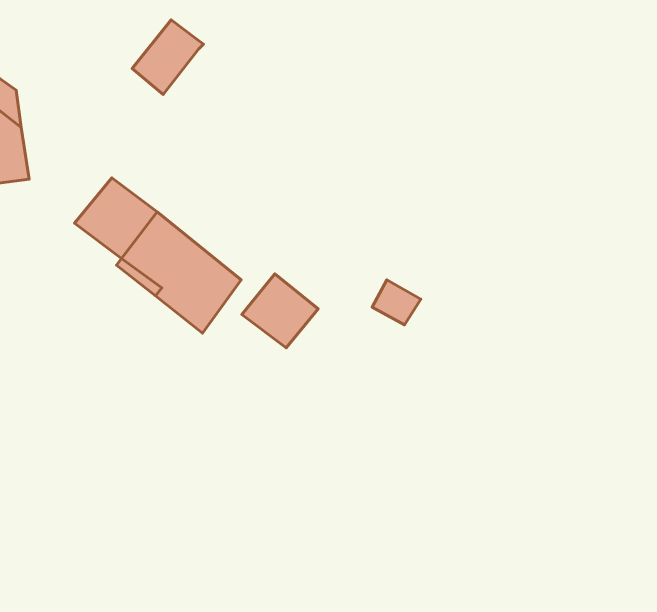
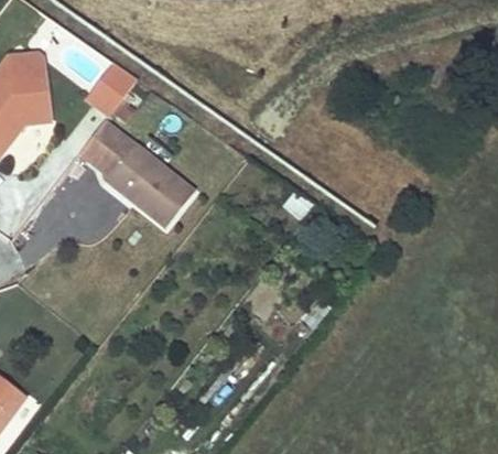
building: [132,20,204,94] -> [87,63,136,113]
building: [242,274,318,348] -> none

